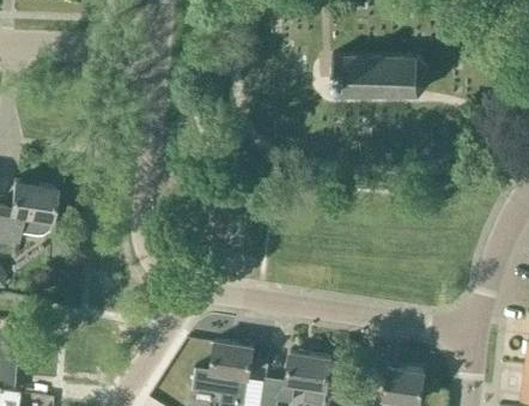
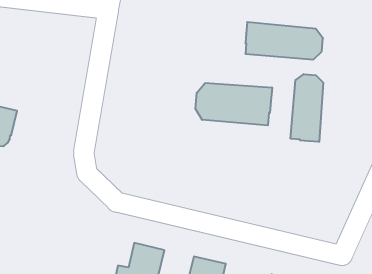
building: none -> [291,74,323,142]
building: none -> [195,83,272,125]

